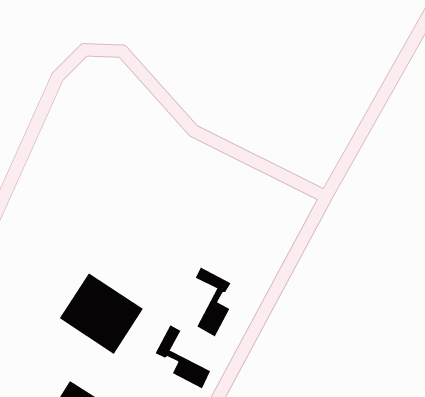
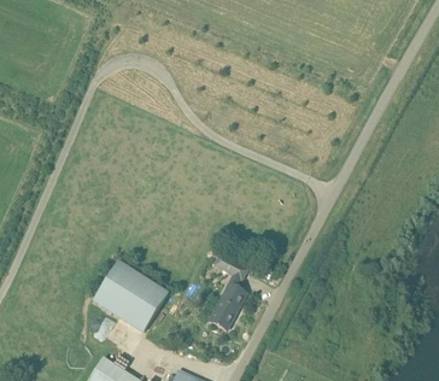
building: [155,324,211,389] -> none

